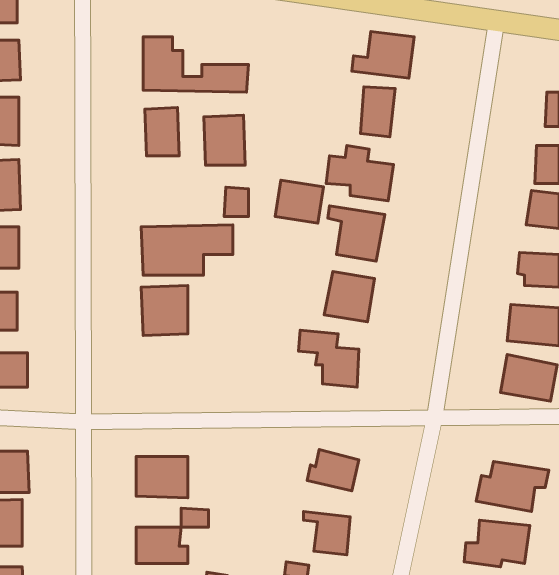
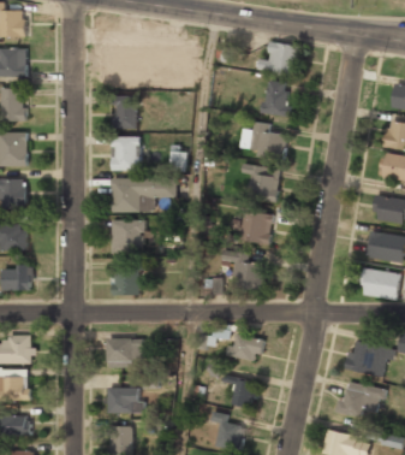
building: [204,115,245,165] -> [111,136,139,171]
building: [275,180,324,223] -> none
building: none -> [112,268,138,295]

